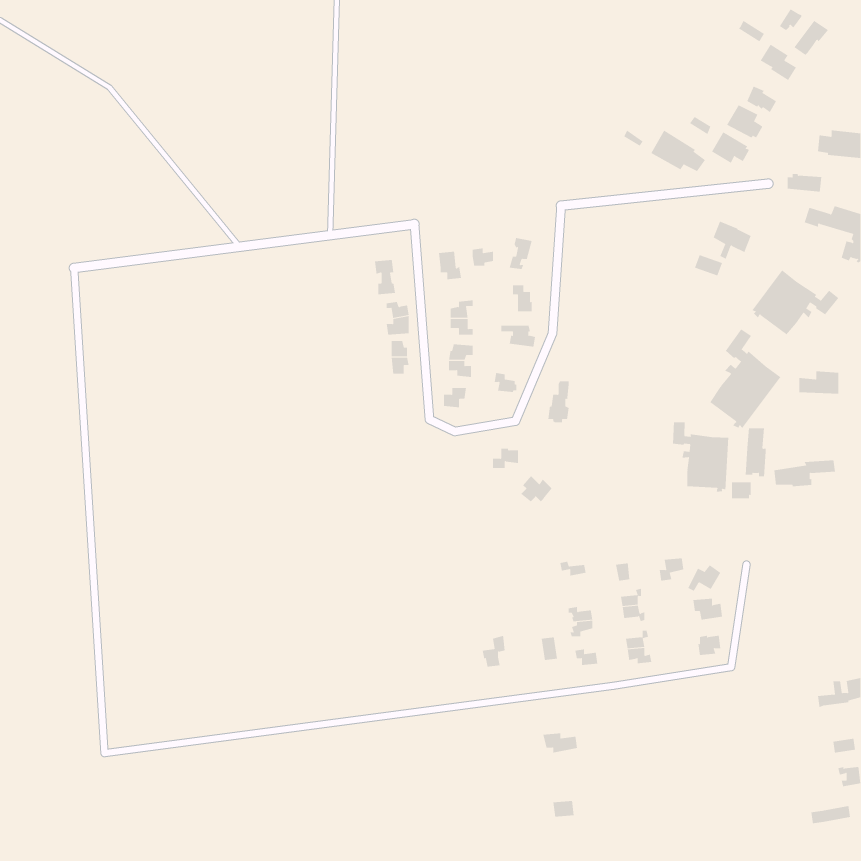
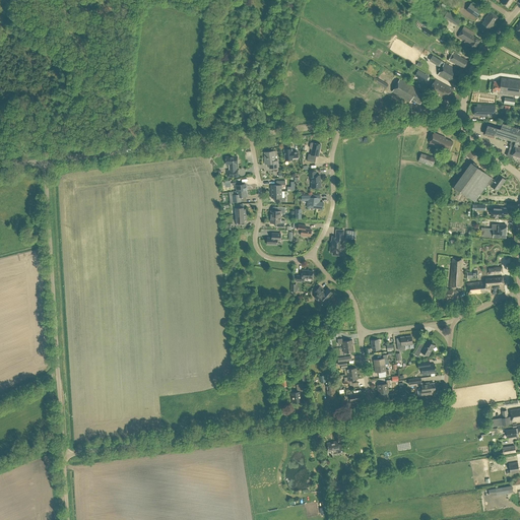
building: [709,328,781,429] -> none
building: [673,422,729,493] -> none

